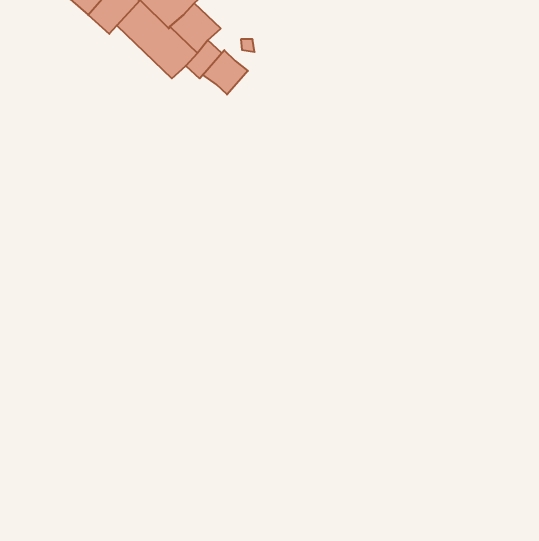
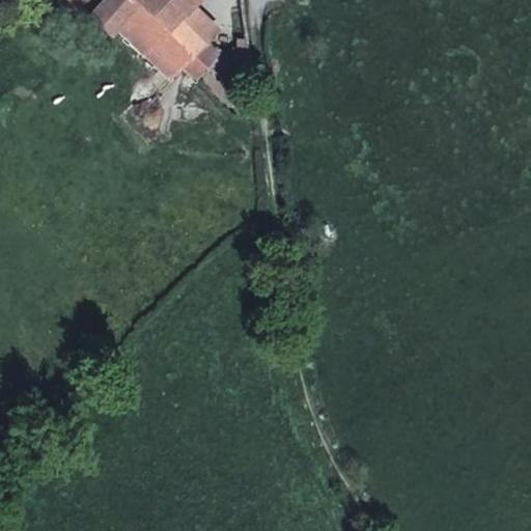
building: [203,50,248,95] -> none

